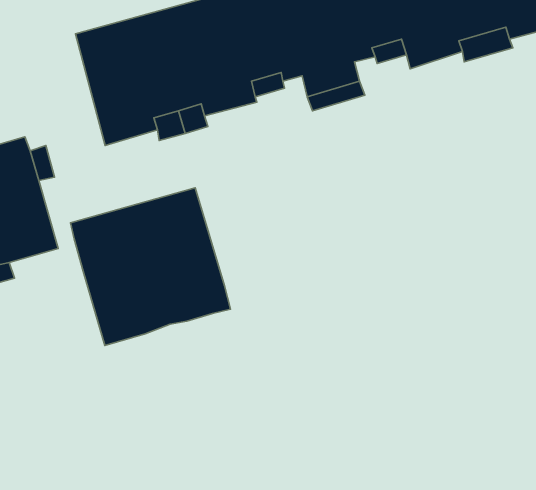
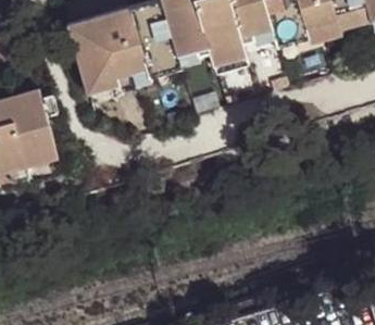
building: [71,188,230,345] -> none

